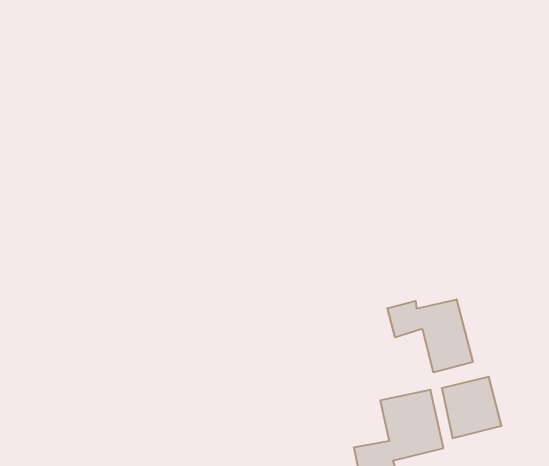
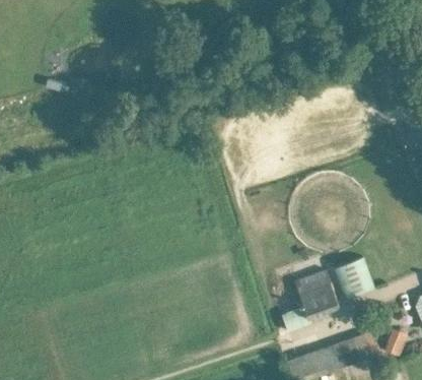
building: [387,299,473,372] -> none

